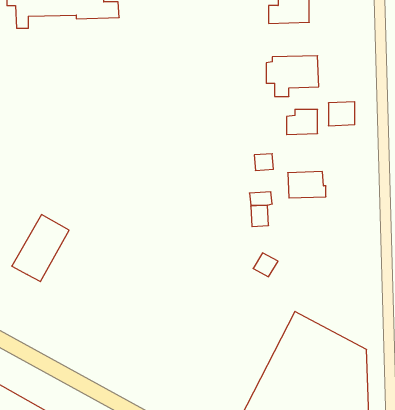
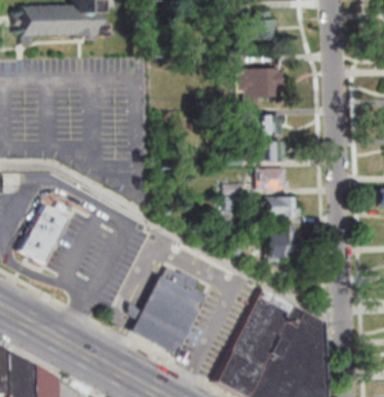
building: [328,102,355,126] -> [262,141,284,161]
building: none -> [262,198,302,219]
building: none -> [269,225,301,263]
building: none -> [130,267,208,355]

